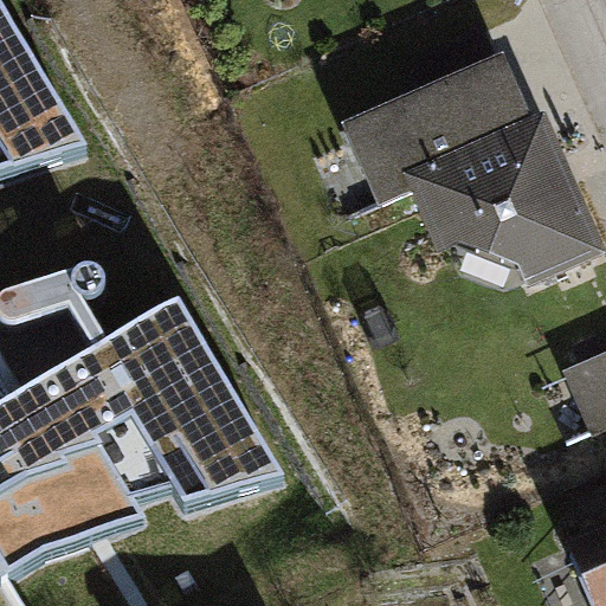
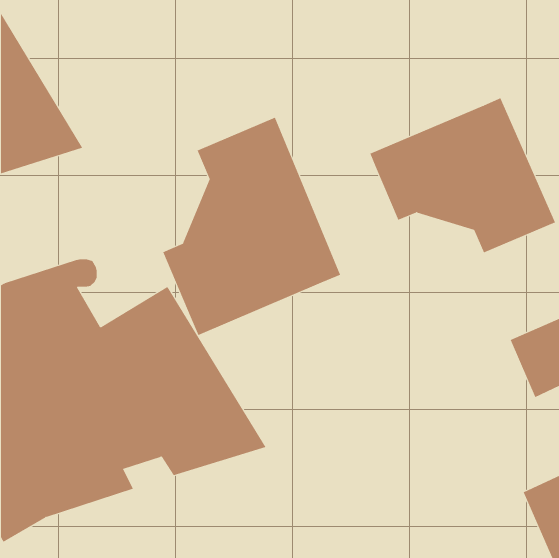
building: [339,51,523,198] -> none
building: none -> [163,117,341,336]

